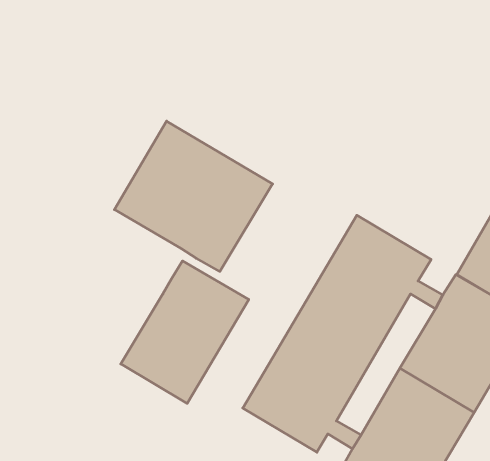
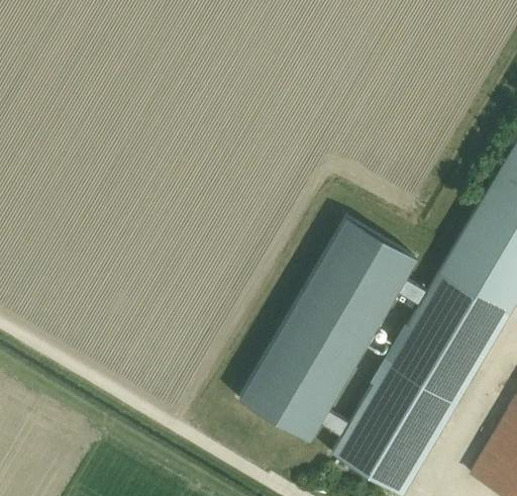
building: [114,121,273,271] -> none
building: [121,261,249,403] -> none

